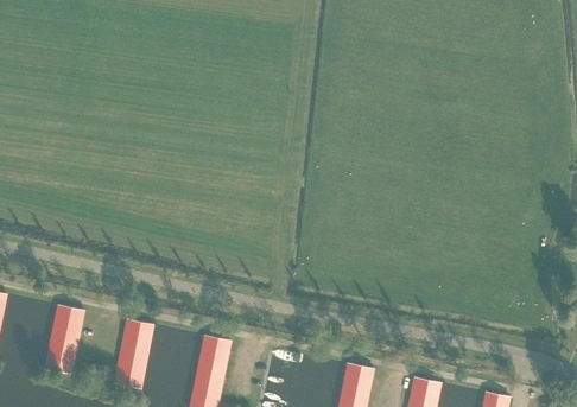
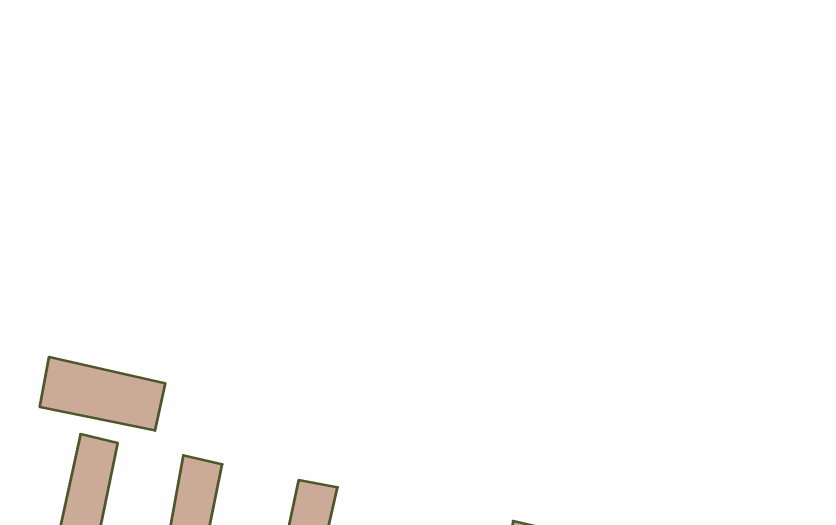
building: none -> [40,357,165,431]

